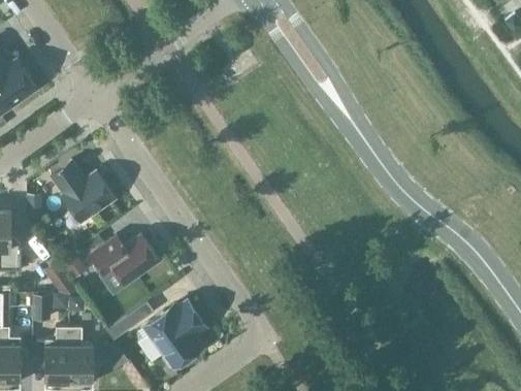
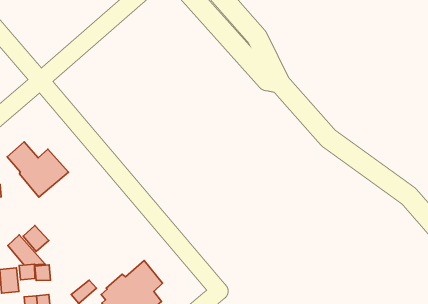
building: [89,235,158,284] -> none

